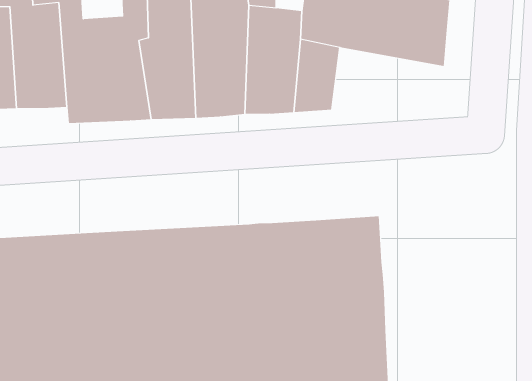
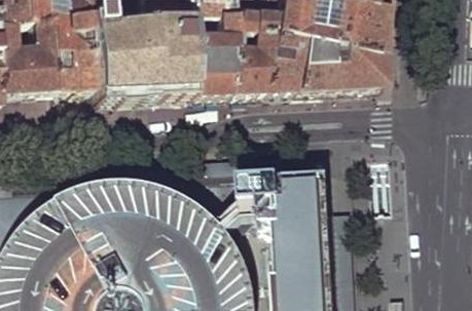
building: none -> [292,44,377,91]

